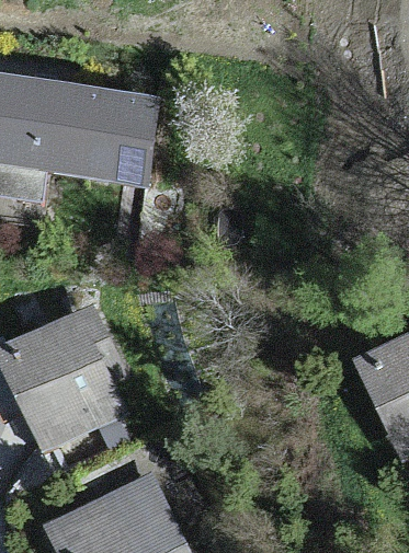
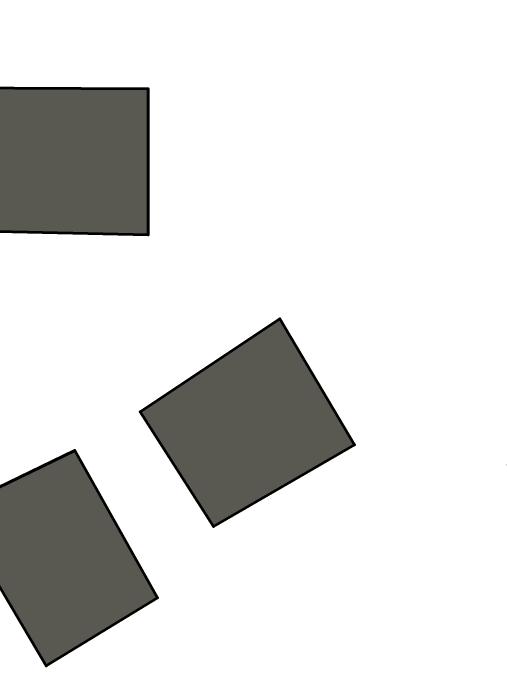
building: none -> [140,319,354,527]

